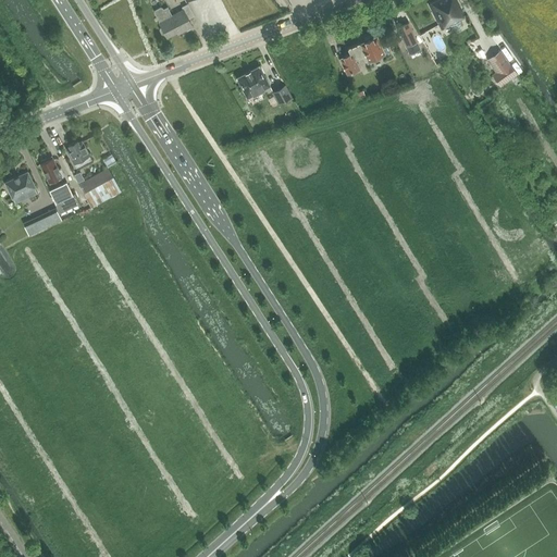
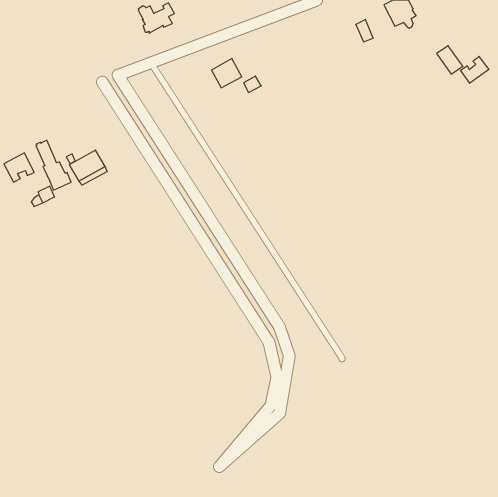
building: [339,36,391,75] -> none
building: none -> [460,56,489,83]
building: [66,141,92,170] -> none

